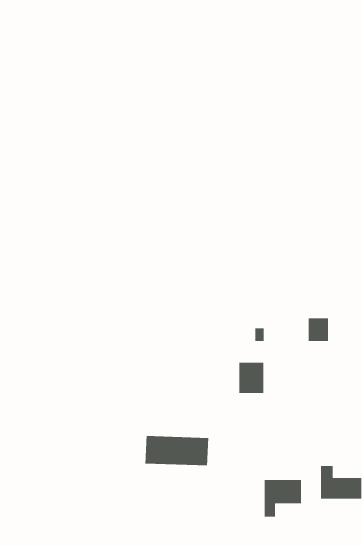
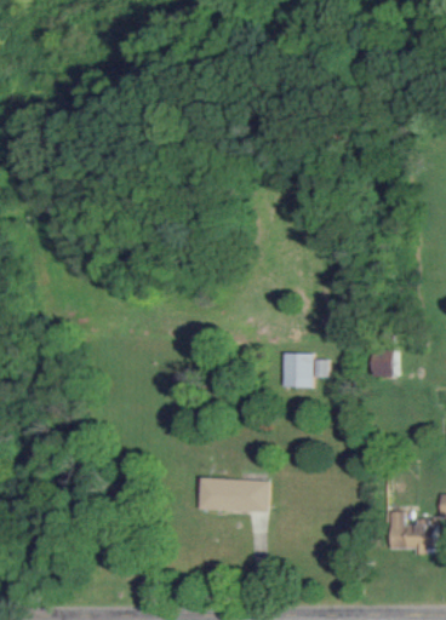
building: [239,362,264,394] -> [285,352,313,388]
building: [264,479,302,518] -> none

